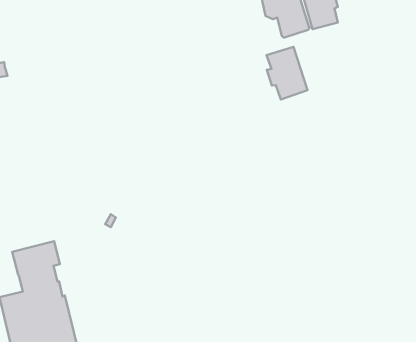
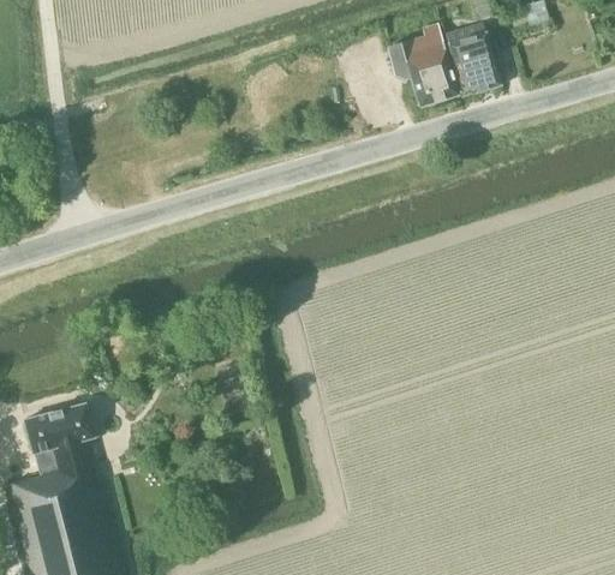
building: [267,47,307,99] -> none

